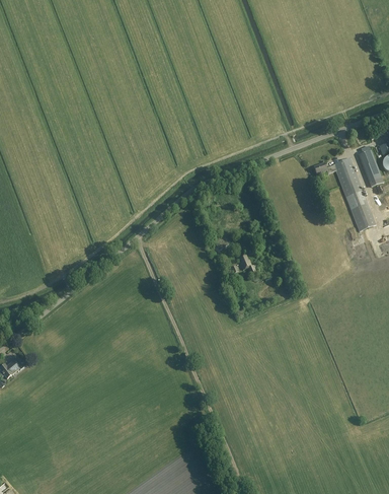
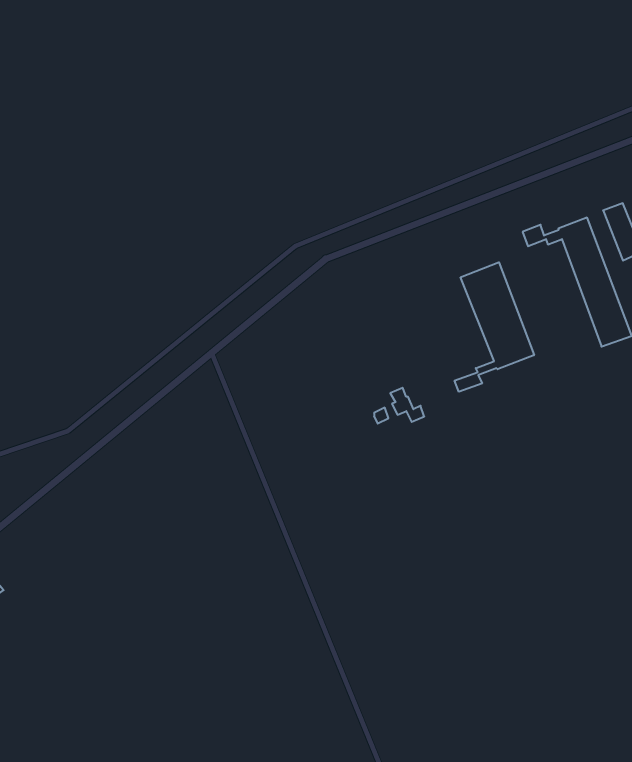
building: none -> [455,262,534,392]

